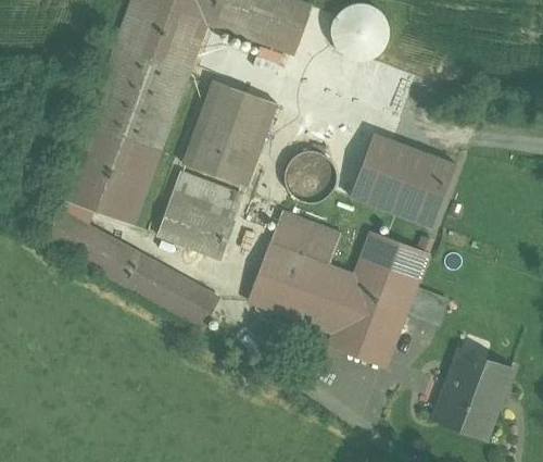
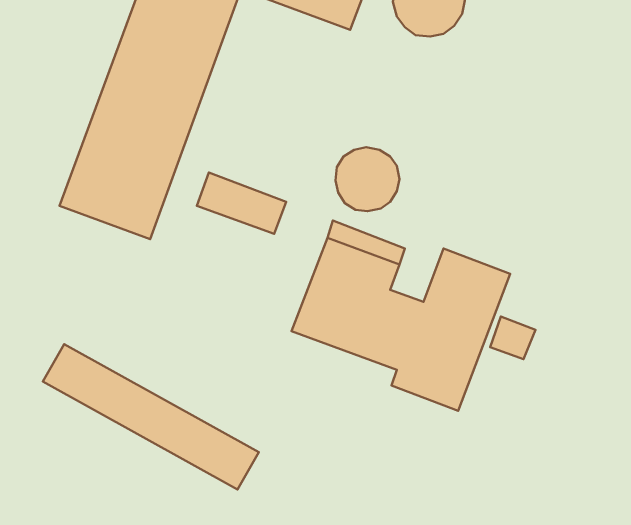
building: [182,79,276,186] -> none
building: [350,134,455,226] -> none
building: [156,198,233,259] -> none
building: [43,210,219,328] -> [43,344,259,489]
building: [434,350,509,437] -> none

